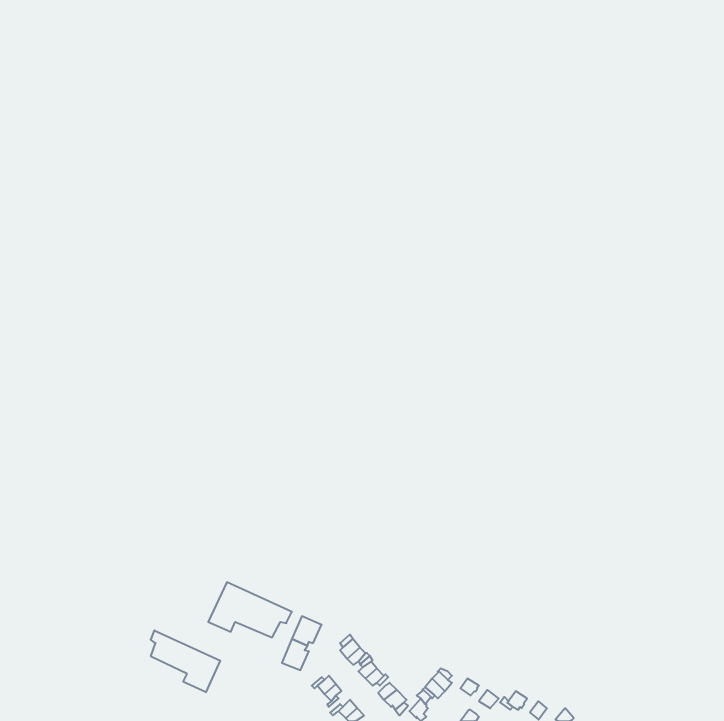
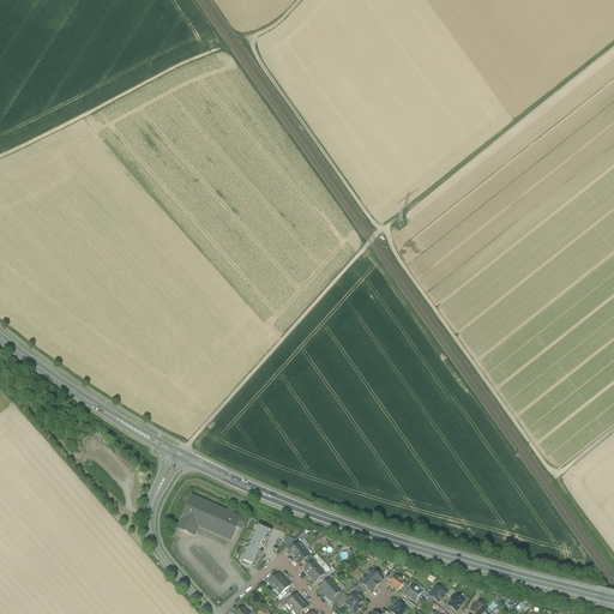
building: [151,630,220,692] -> none

